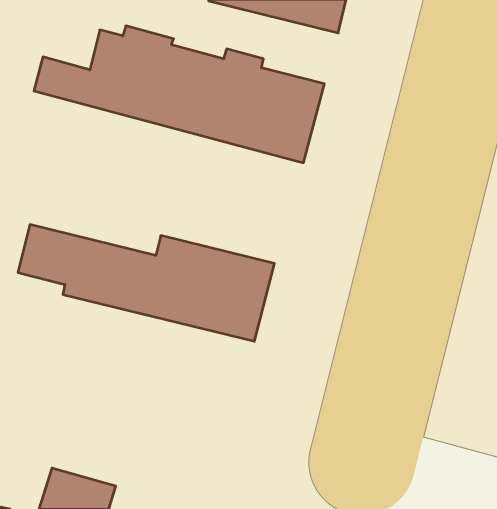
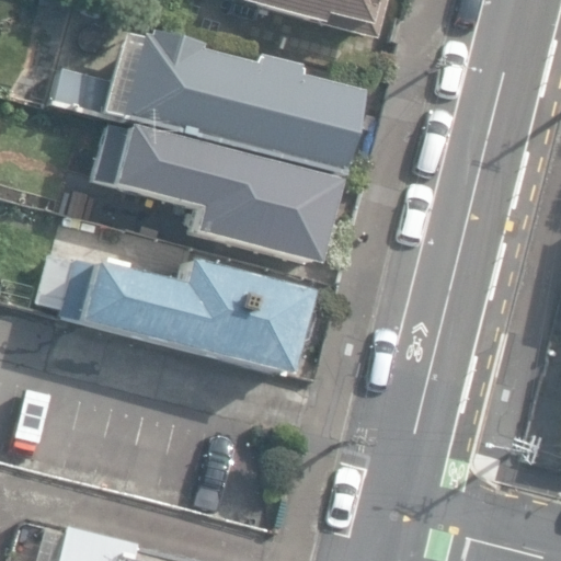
building: none -> [92,122,344,266]

